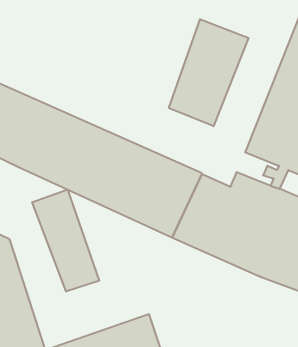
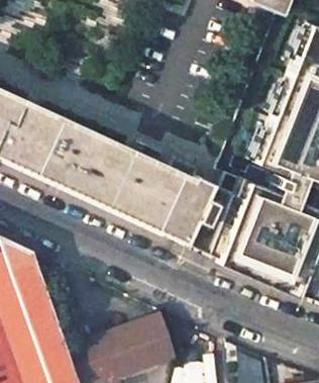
building: [169,19,248,126] -> none
building: [32,189,99,292] -> none

